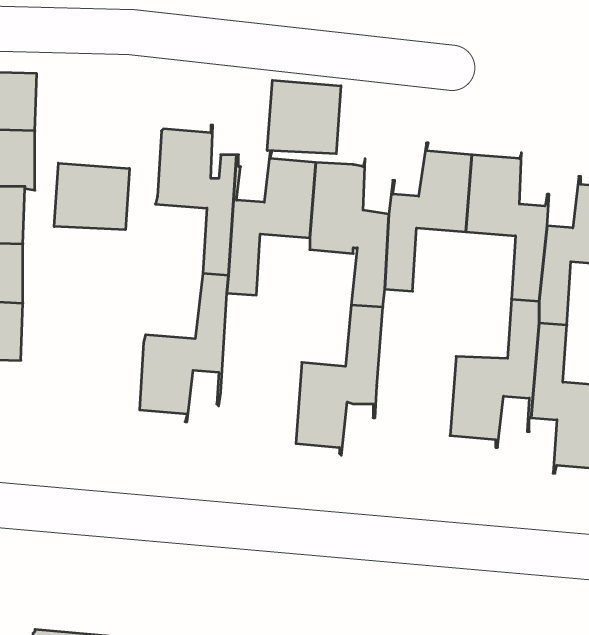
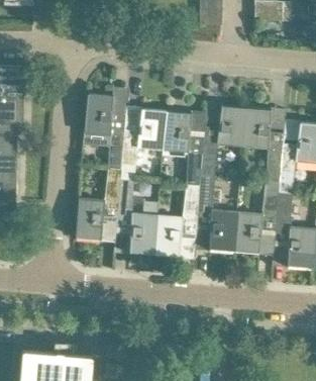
building: [267,80,341,154] -> none
building: [54,163,129,230] -> none
building: none -> [197,176,237,253]
building: none -> [117,178,159,256]

